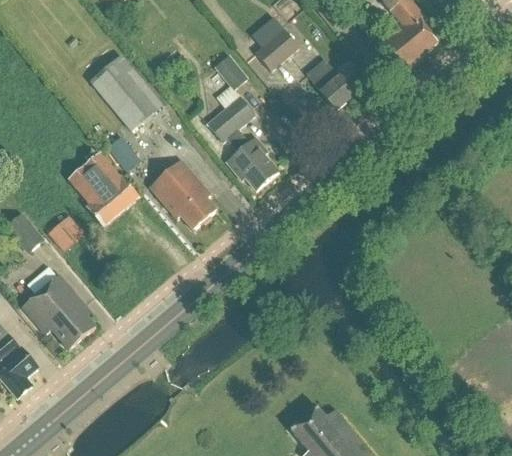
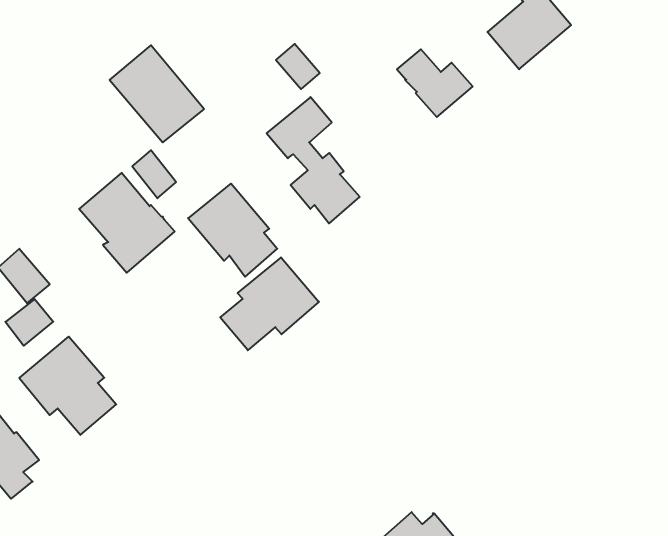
building: [253,27,298,69] -> none
building: [47,214,83,249] -> [5,299,53,346]
building: none -> [220,257,319,350]

